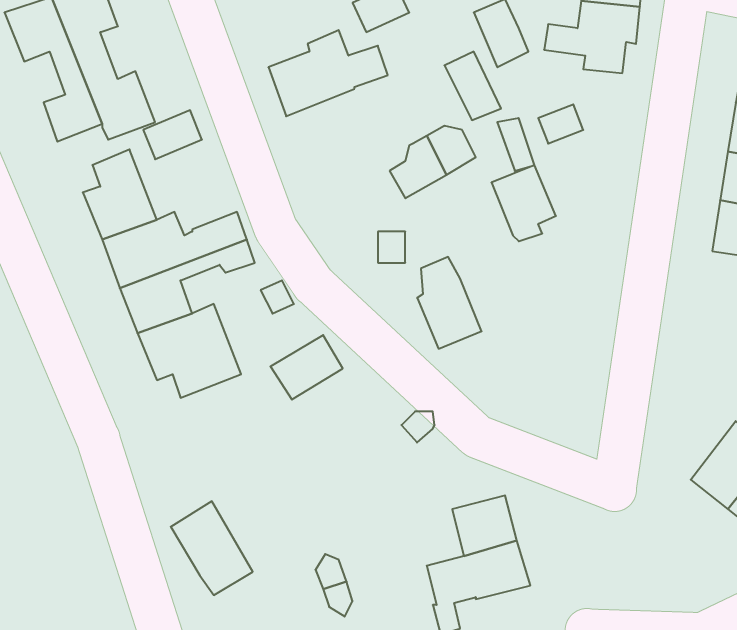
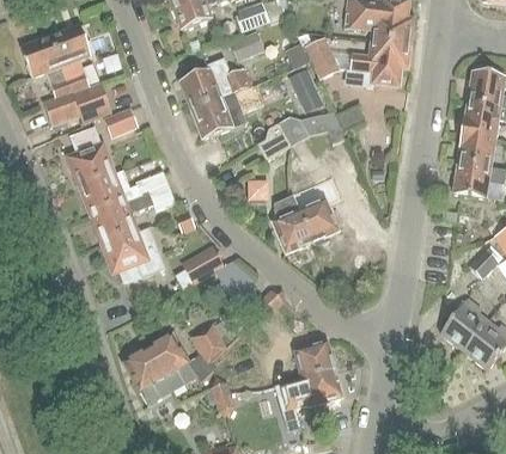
building: none -> [191,93,239,139]
building: [491,165,556,241] -> [298,198,337,245]
building: none -> [146,324,225,388]

